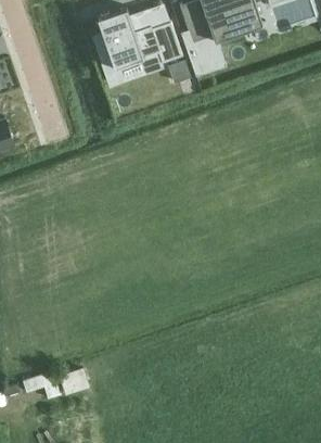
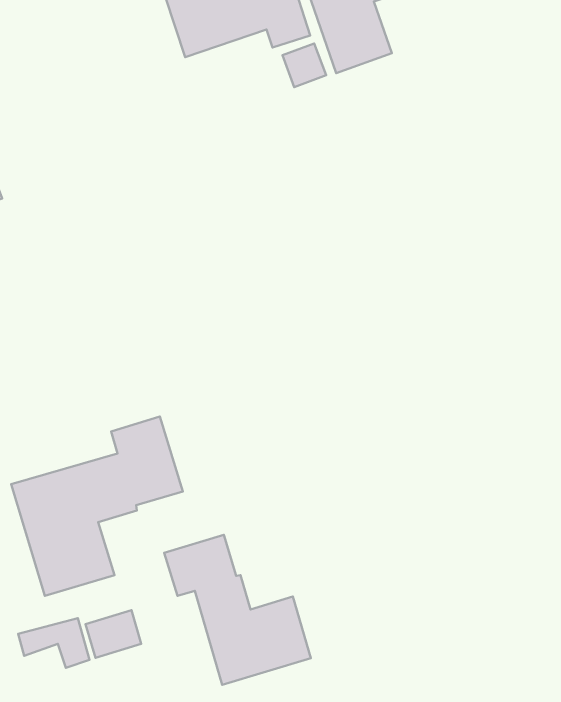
building: none -> [11,416,183,596]
building: none -> [164,535,311,685]

